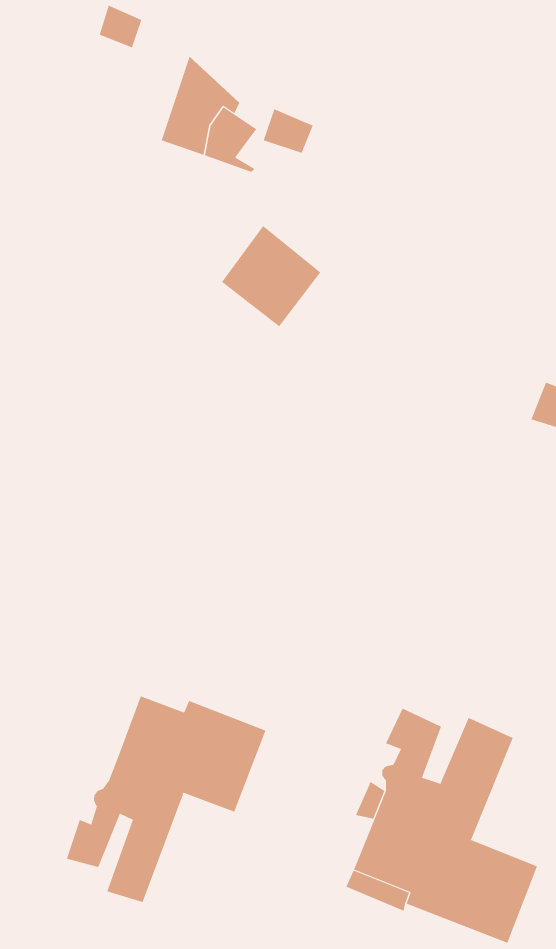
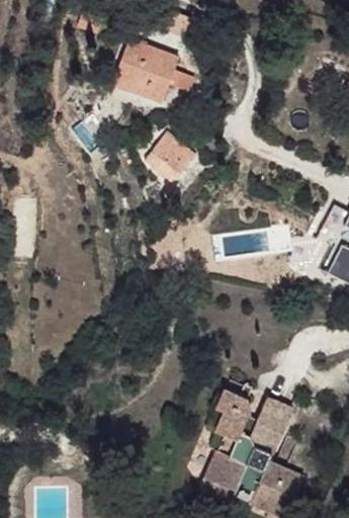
building: none -> [125,37,173,98]
building: [66,696,266,903] -> none

